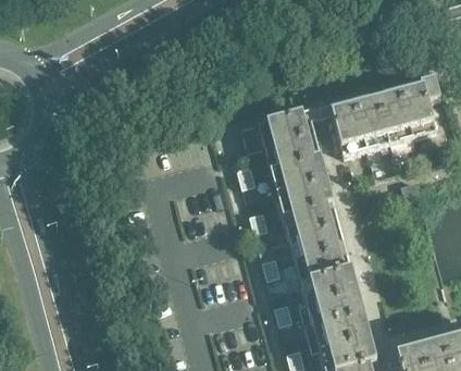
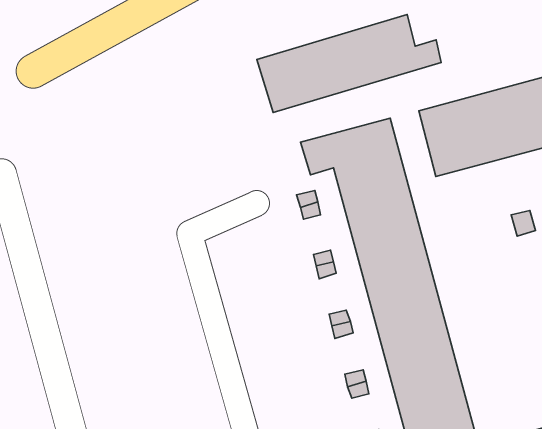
building: none -> [257,14,441,113]

